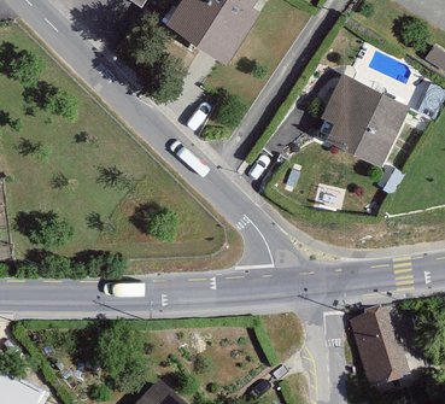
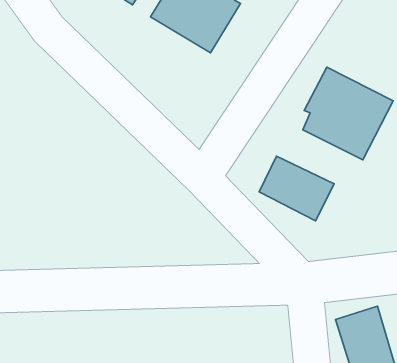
building: none -> [259,156,334,221]

